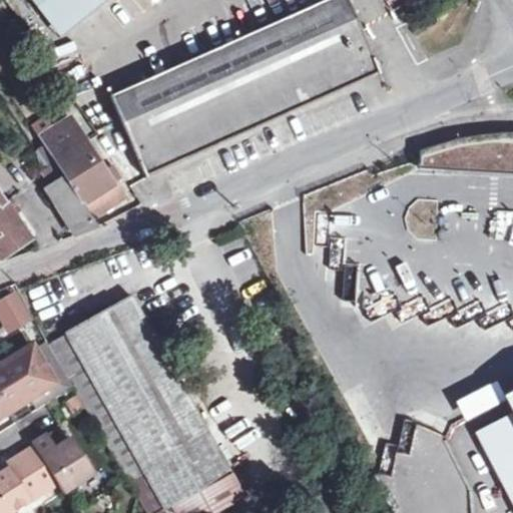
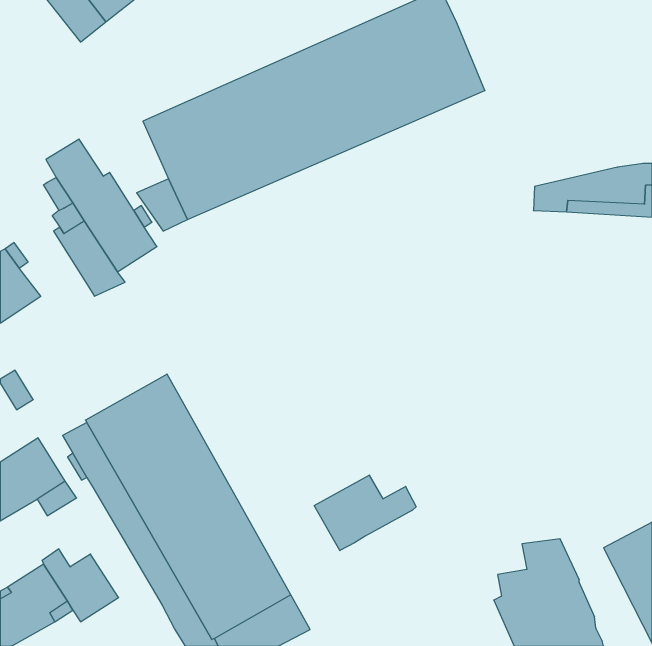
building: none -> [314,475,416,551]

